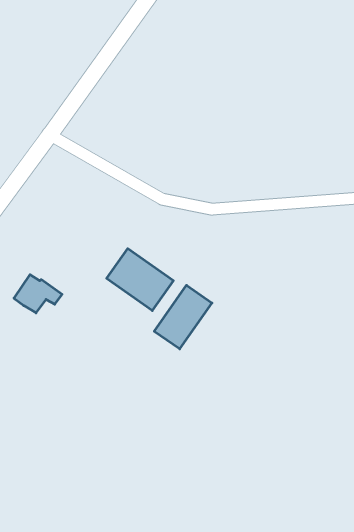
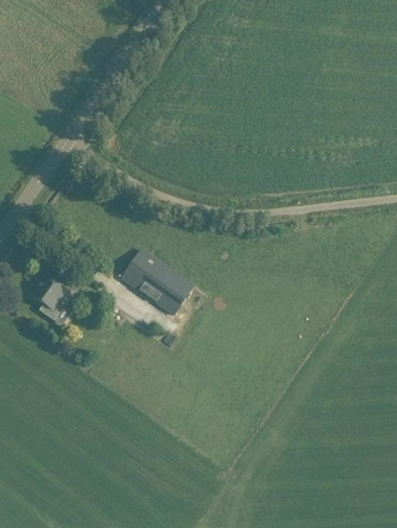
building: [154,285,212,349] -> none

